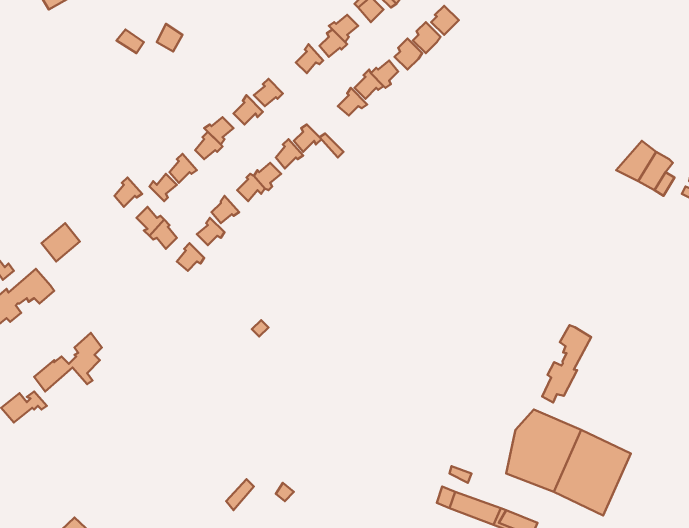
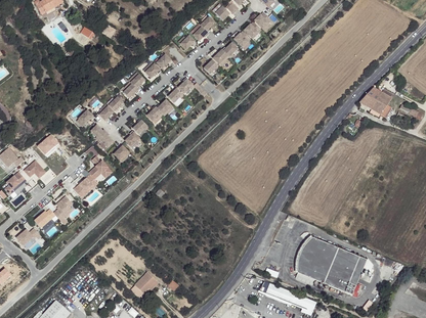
building: none -> [73,156,112,195]
building: [542,325,591,403] -> none

